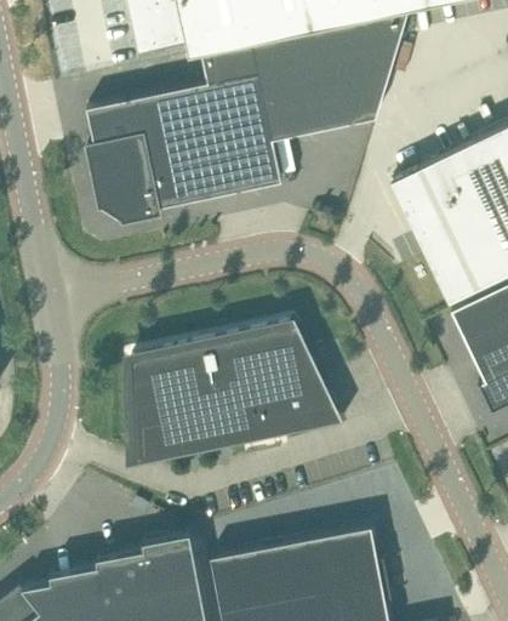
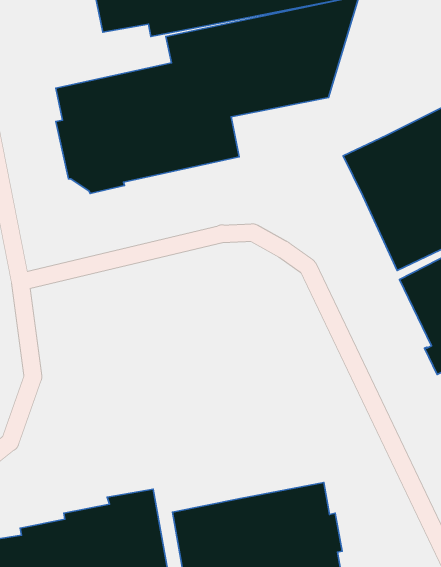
building: [129,325,342,465] -> none

